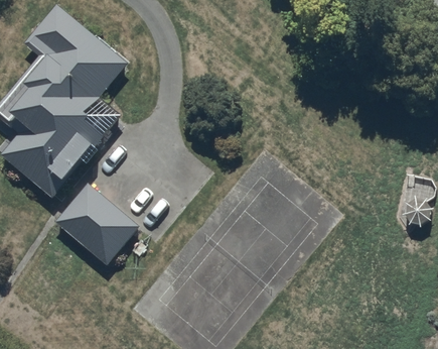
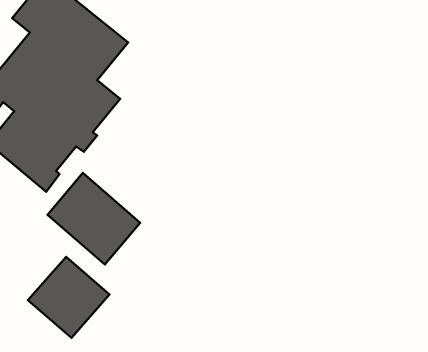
building: none -> [28,257,110,338]

